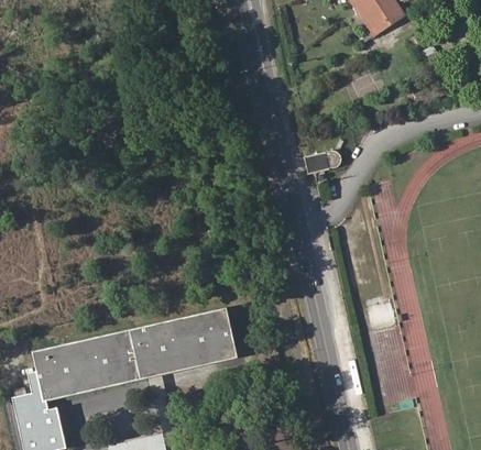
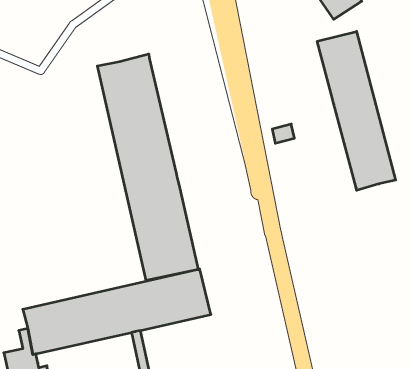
building: none -> [317,31,396,190]
building: none -> [97,54,198,280]

